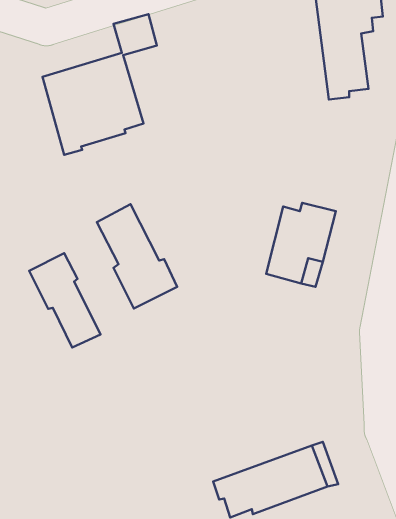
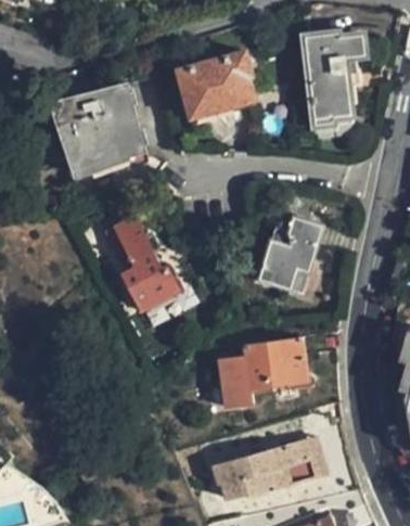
building: none -> [179,50,255,115]
building: [29,253,100,347] -> none
building: none -> [216,336,309,412]

